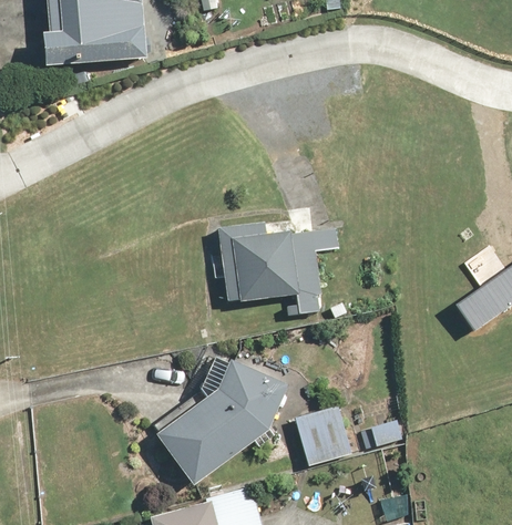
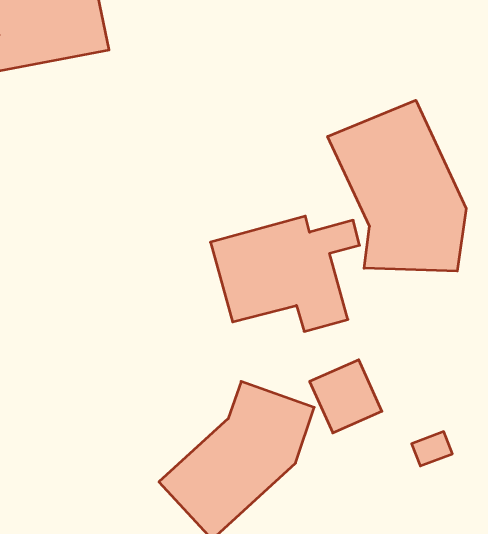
building: none -> [328,100,466,271]
building: [295,405,355,466] -> [310,360,382,433]

